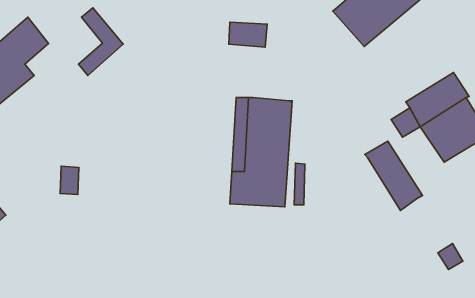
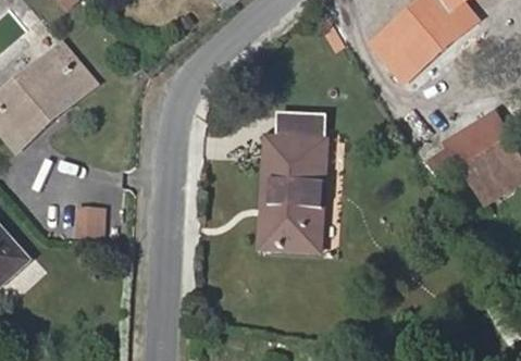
building: [78,8,123,76] -> [47,42,94,113]
building: [229,22,267,47] -> [285,113,325,139]
building: [365,141,423,211] -> none

